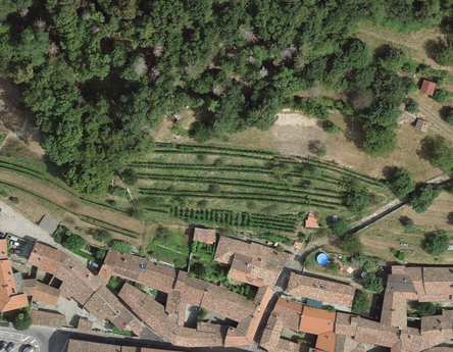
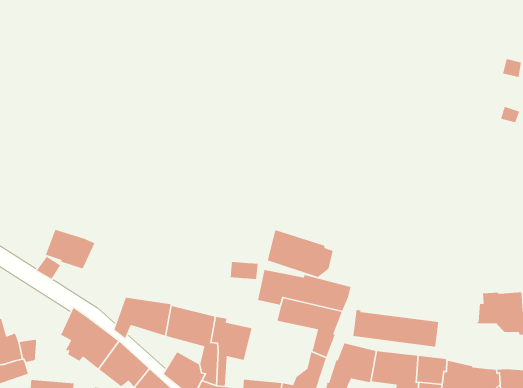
building: [26,241,66,274] -> [45,229,96,269]
building: [32,281,60,305] -> none
building: [117,281,146,312] -> none
building: [199,281,253,321] -> [267,229,334,278]
building: [380,290,406,326] -> none

